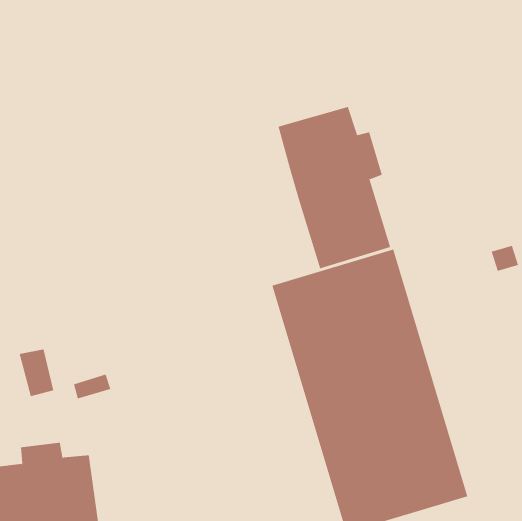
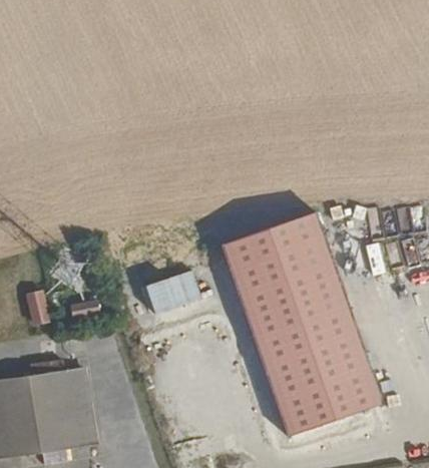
building: [278,106,391,269] -> none
building: none -> [143,270,202,316]

